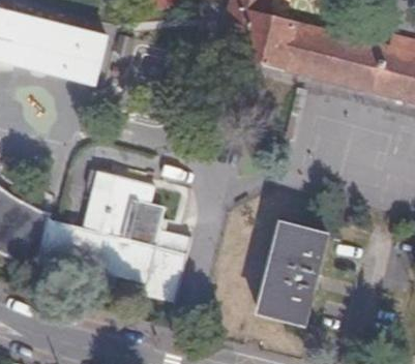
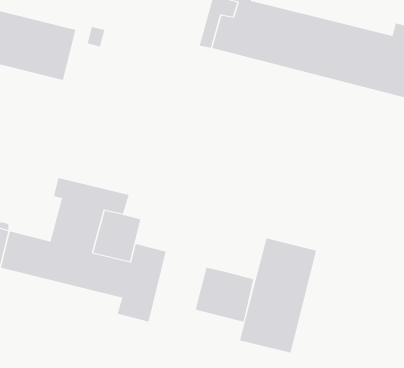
building: none -> [195,267,254,323]

